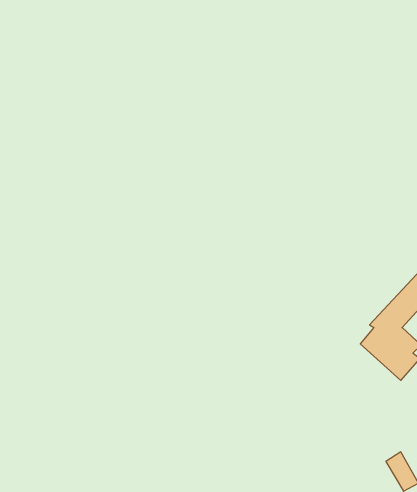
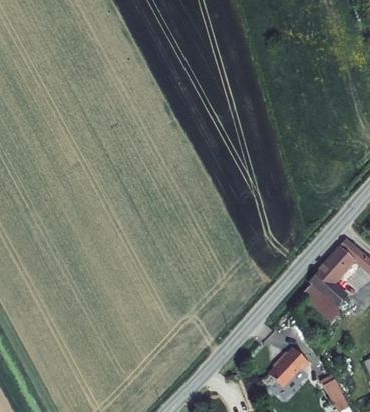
building: none -> [268,347,309,386]

